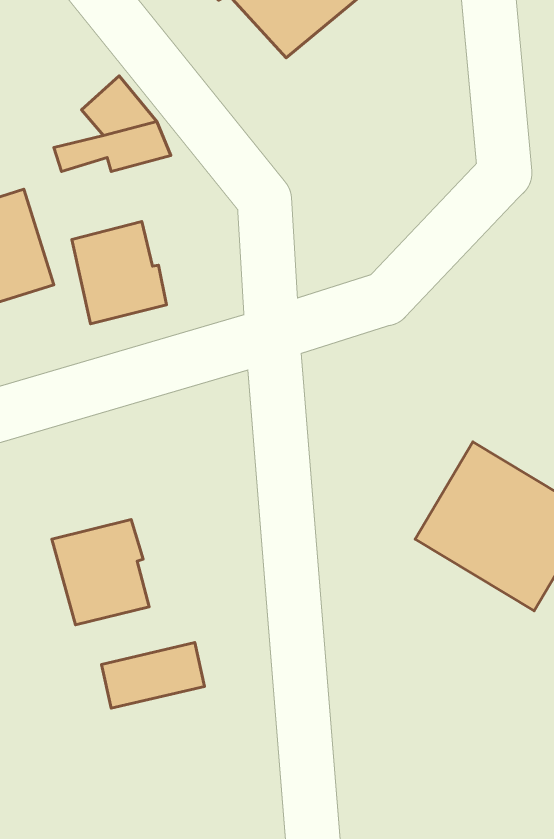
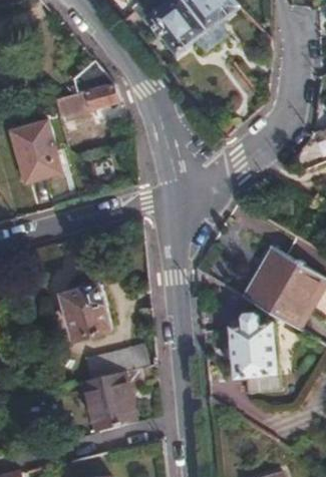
building: [72,222,167,324] -> none
building: none -> [231,308,276,389]
building: none -> [83,365,155,433]

